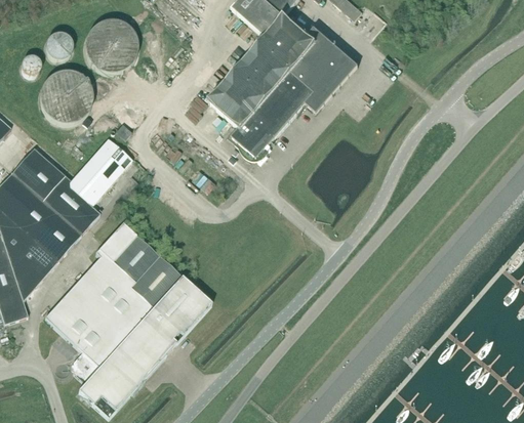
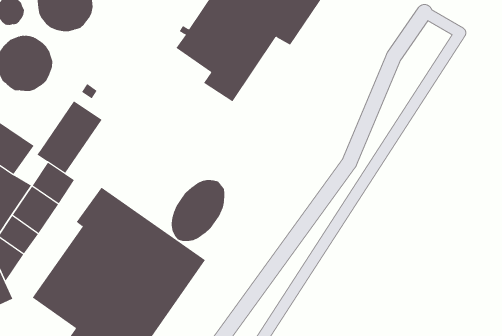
building: [43,175,76,212] -> none
building: none -> [171,179,225,242]

